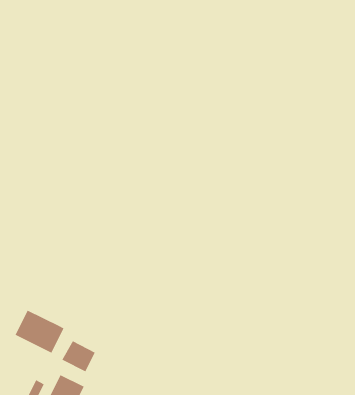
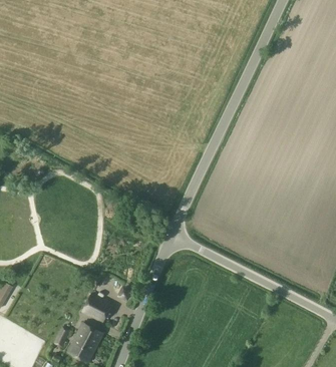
building: [15,310,64,354] -> none

